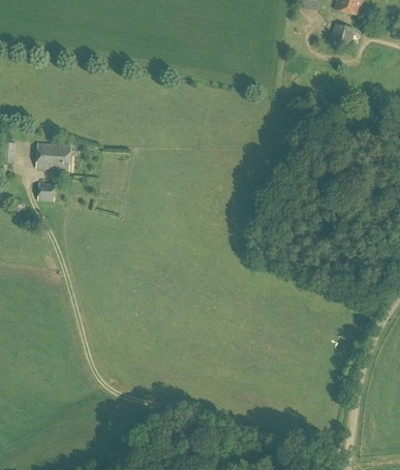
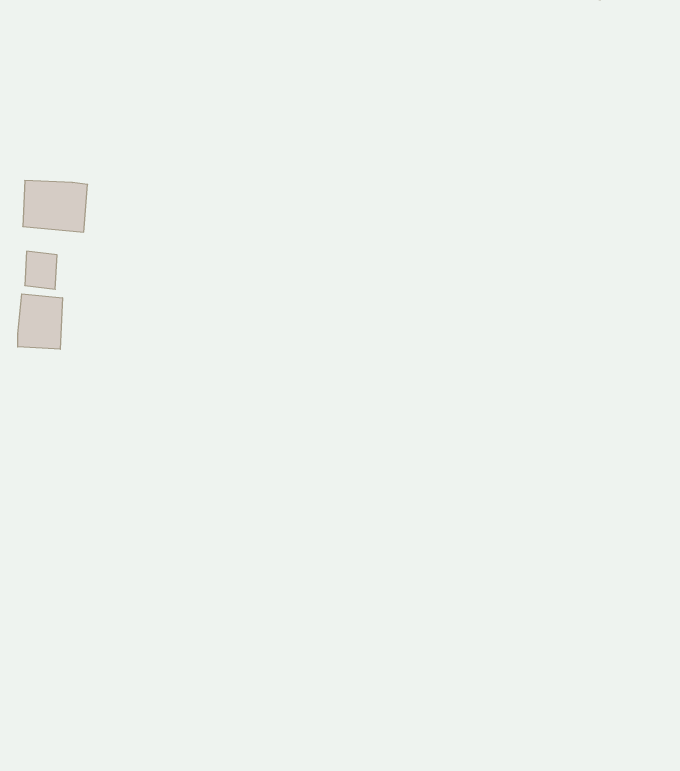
building: none -> [18,294,62,349]

